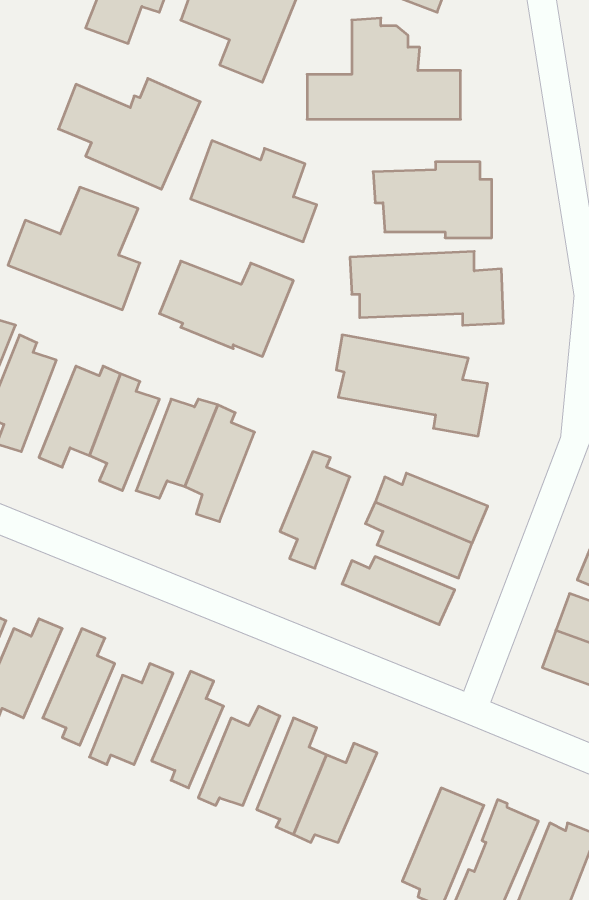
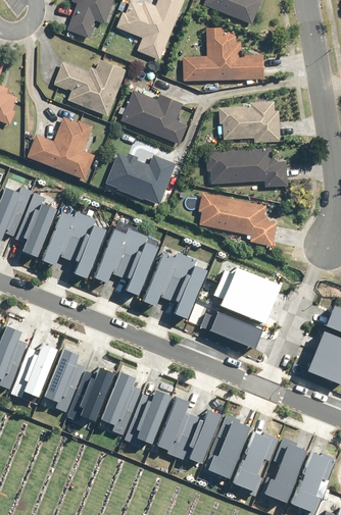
building: none -> [144,251,187,303]
building: none -> [205,422,248,474]

